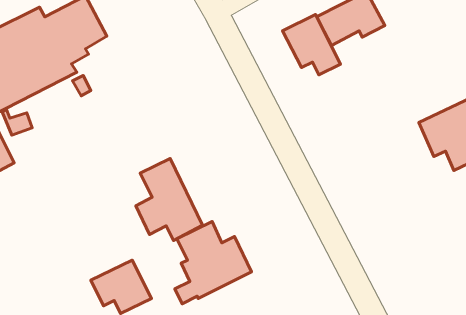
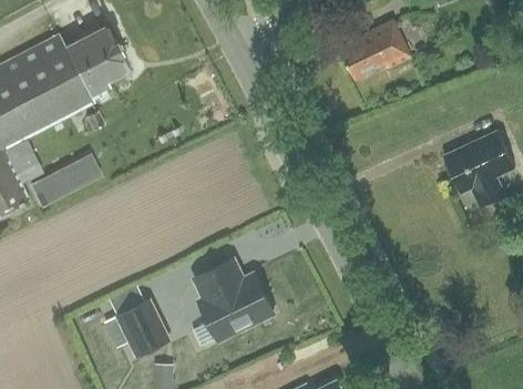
building: [283,15,341,75] -> none
building: none -> [32,156,93,202]
building: [136,159,202,241] -> none

